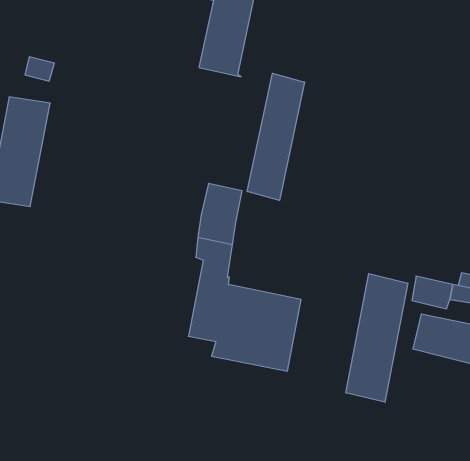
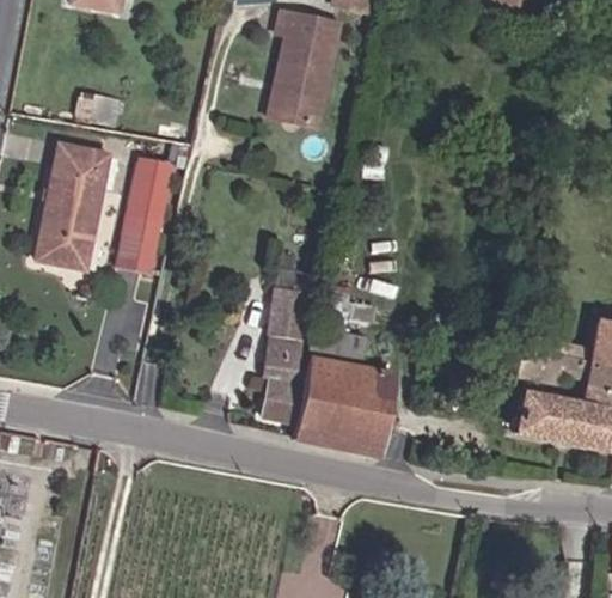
building: [247,73,305,200] -> none
building: none -> [114,161,173,277]
building: [346,274,408,402] -> none

